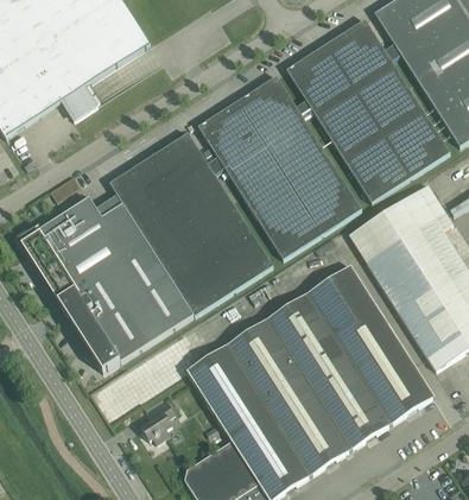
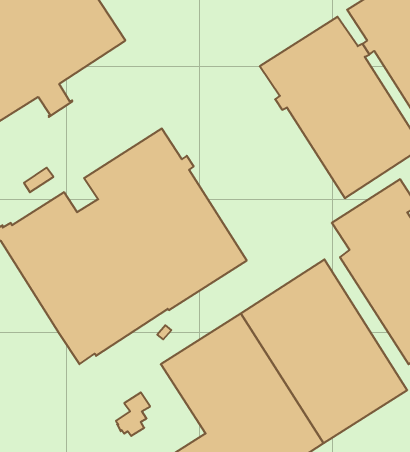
building: [197,75,361,259] -> none

